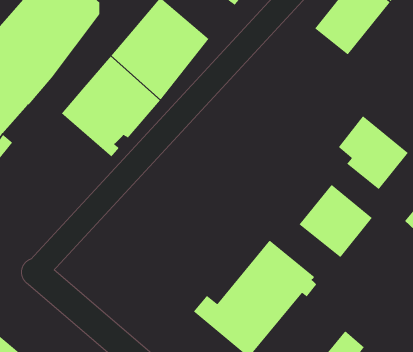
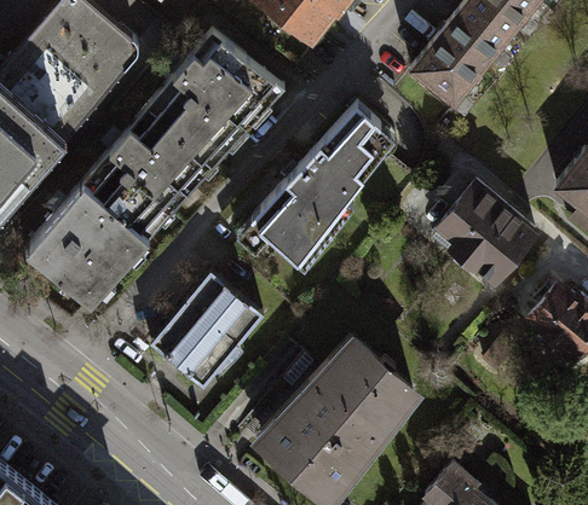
building: none -> [253,104,384,265]
building: none -> [25,181,149,302]
building: [298,184,373,258] -> none
building: none -> [149,274,264,388]

